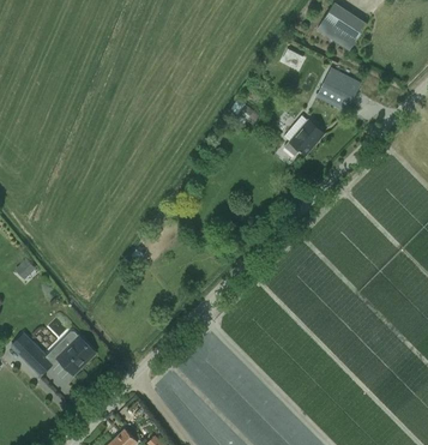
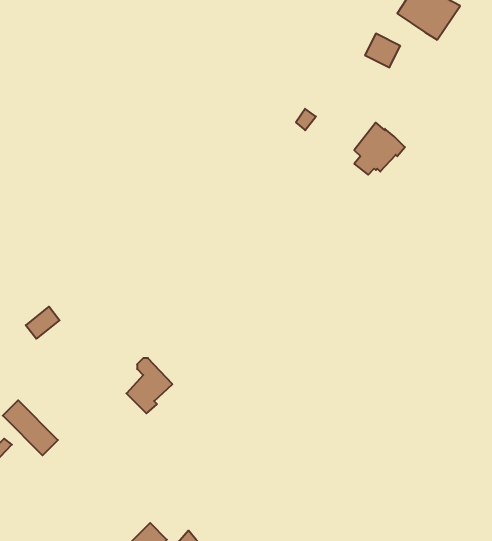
building: [317,68,361,112] -> none
building: [58,331,94,374] -> [126,358,172,413]

